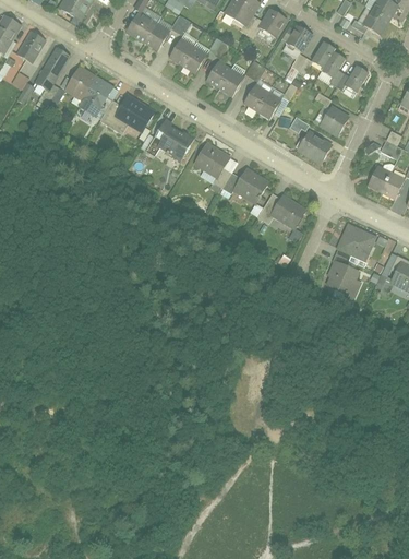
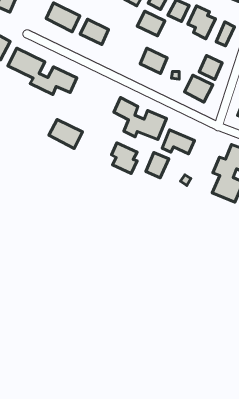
building: [203,61,240,95] -> [137,11,165,36]
building: [153,117,197,157] -> [49,119,82,148]
building: none -> [111,143,137,173]
building: none -> [146,152,169,178]

